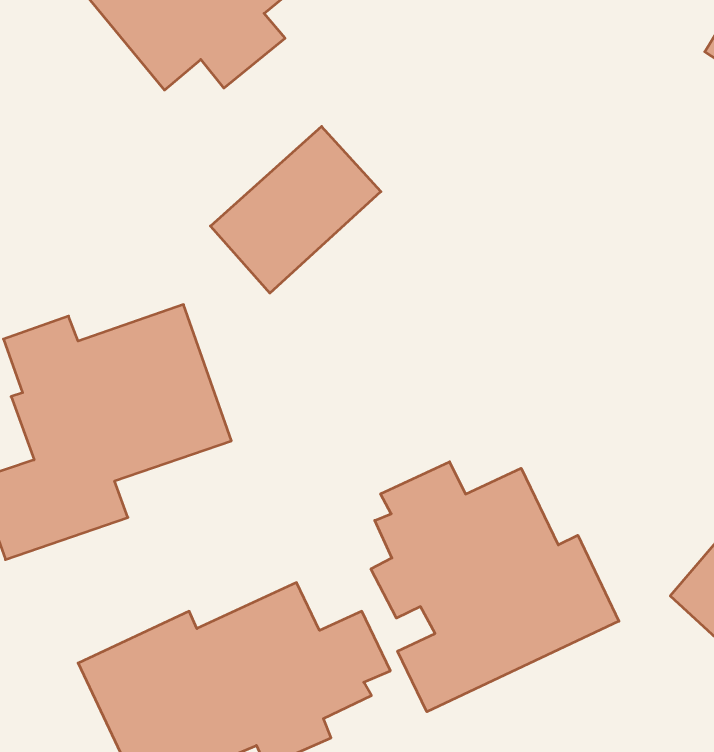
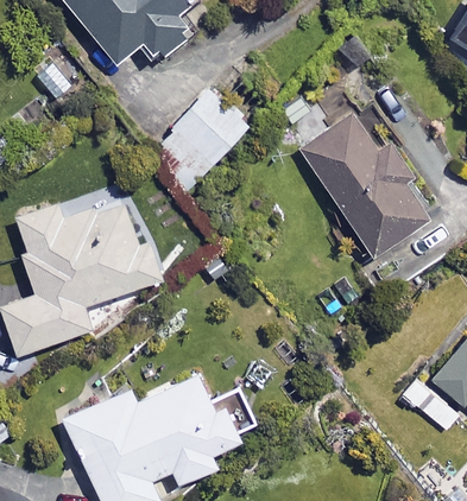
building: none -> [299,113,430,258]
building: [371,462,619,712] -> none

